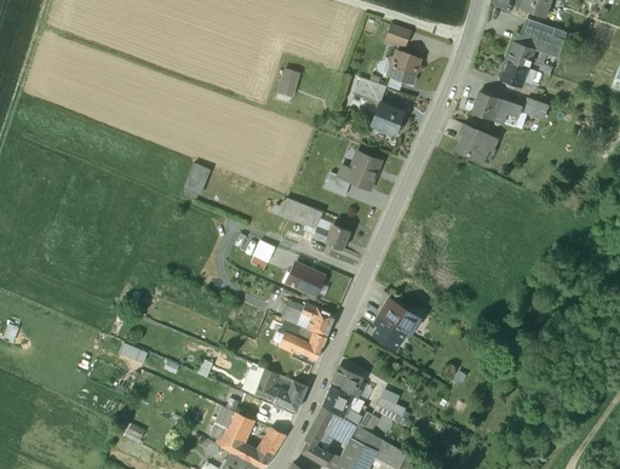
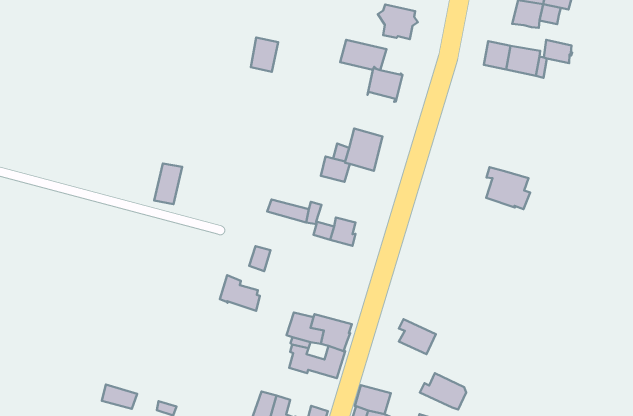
building: [458,125,495,164] -> [486,167,530,209]
building: [287,263,321,296] -> [220,275,260,311]
building: [379,302,418,334] -> [420,373,466,410]

